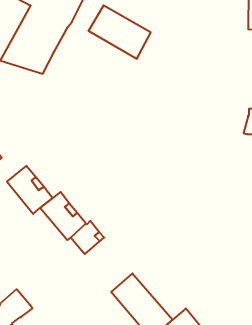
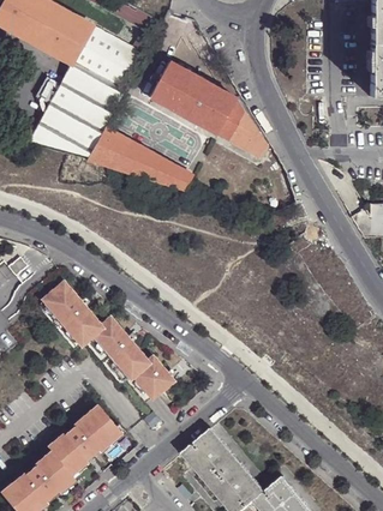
building: none -> [216,98,267,158]
building: none -> [85,125,192,190]
building: none -> [48,405,120,471]

